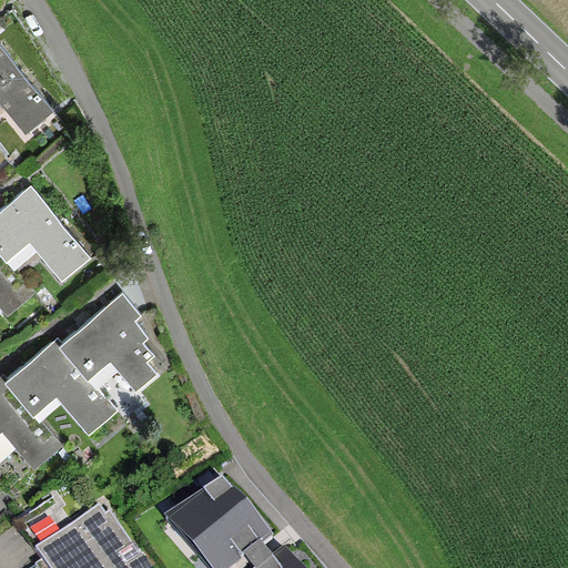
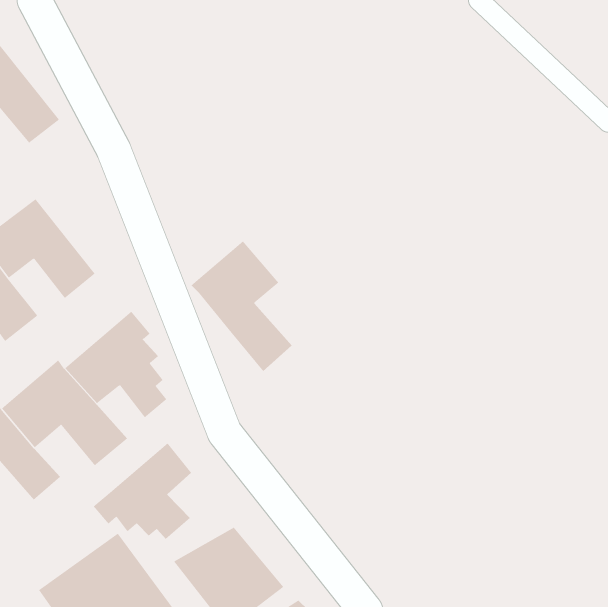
building: none -> [191,241,292,372]
building: none -> [93,442,192,540]

